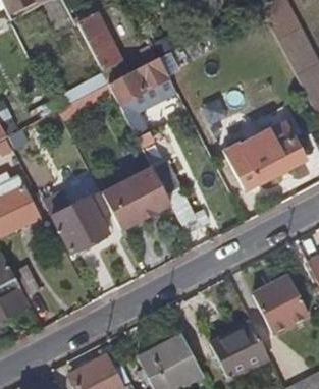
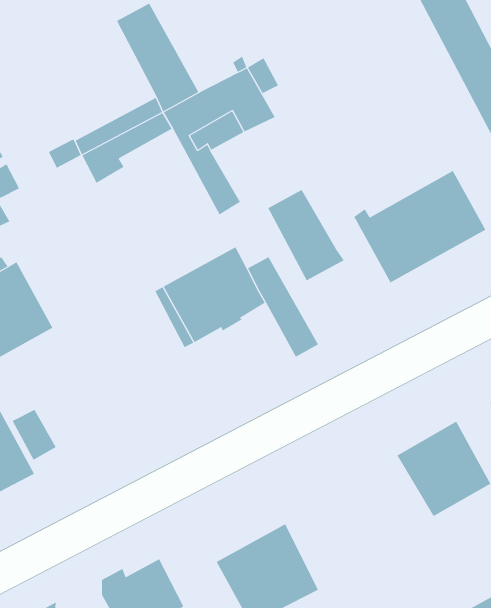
building: none -> [267,189,344,281]
building: [44,188,109,251] -> none
building: [210,321,270,379] -> none

